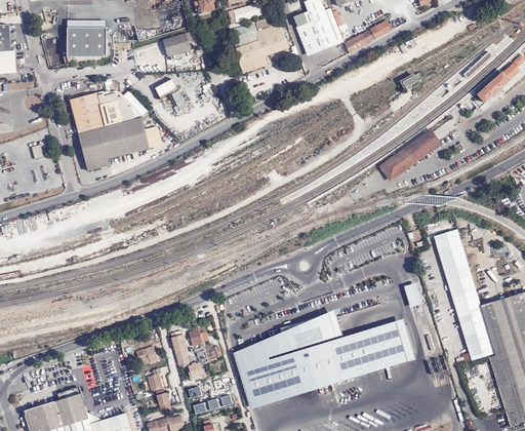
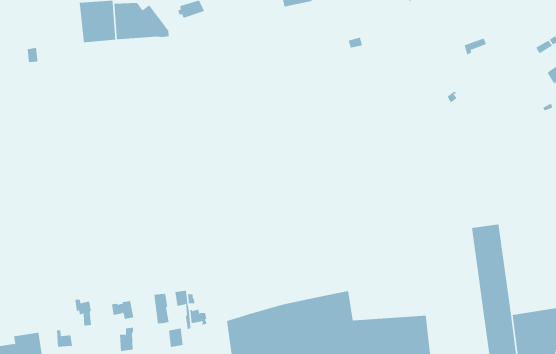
building: [77,118,147,171] -> none
building: [378,128,441,182] -> none

